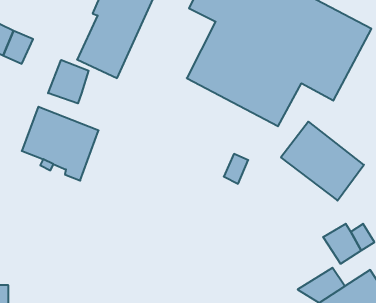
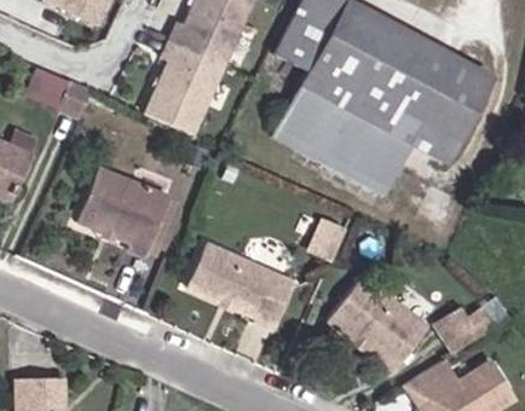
building: [48,60,89,103] -> none
building: [281,122,364,201] -> [329,276,427,369]
building: none -> [190,244,290,328]

